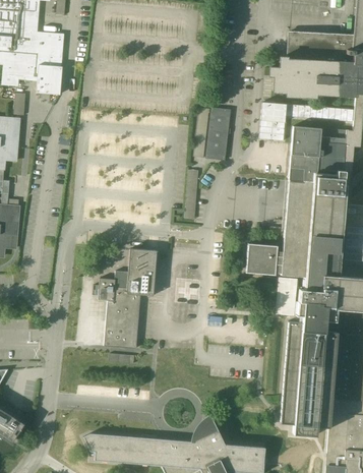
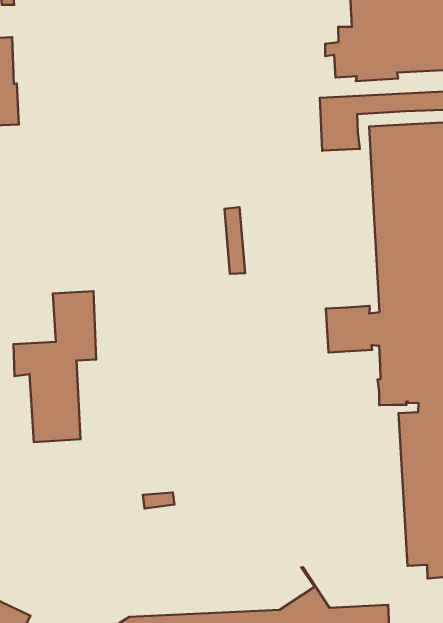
building: [205,108,229,161] -> none
building: [97,248,157,348] -> [14,291,96,442]

